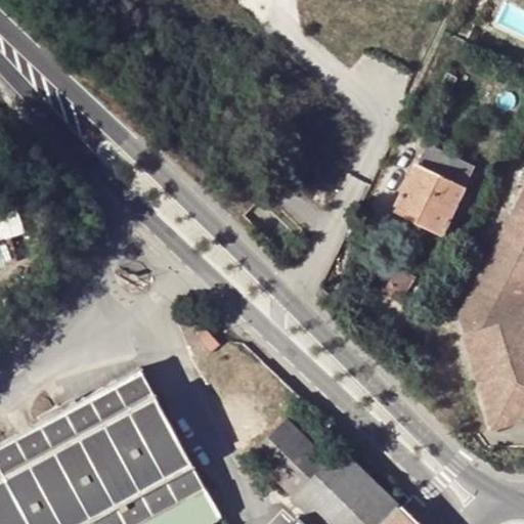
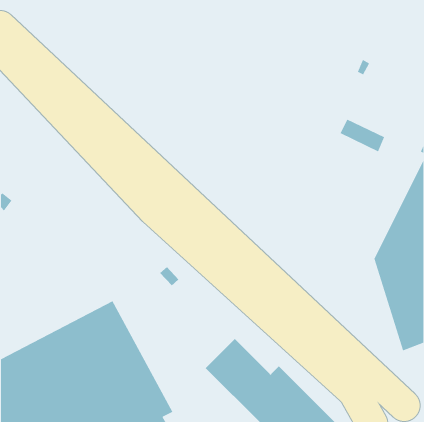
building: [398,167,467,238] -> none

